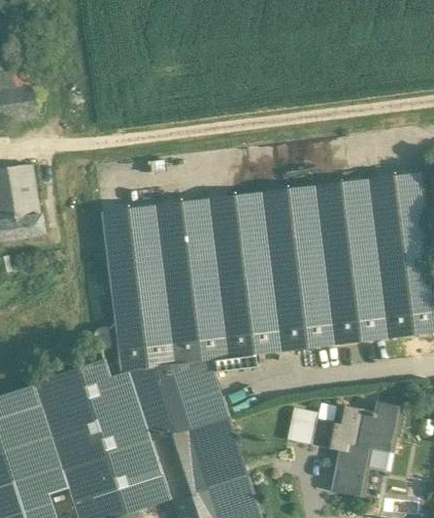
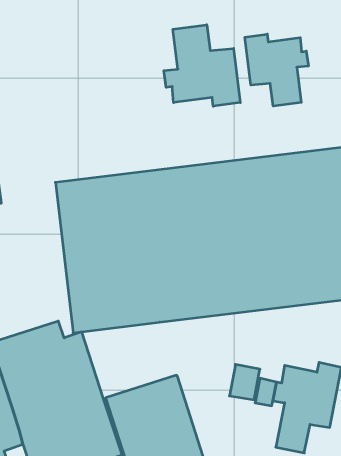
building: none -> [164,25,240,106]
building: none -> [245,34,308,106]
building: [128,360,228,441] -> none

